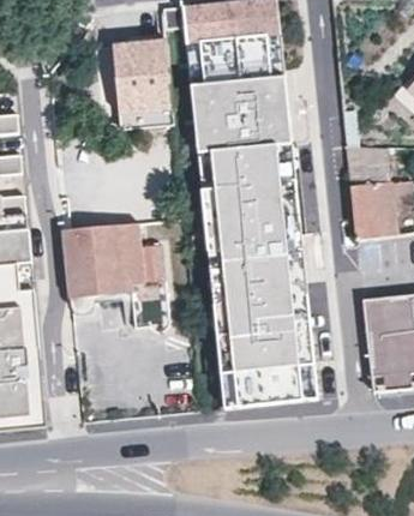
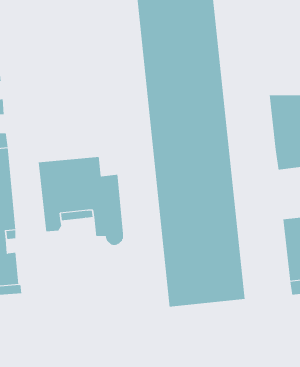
building: [112,37,173,126] -> none

